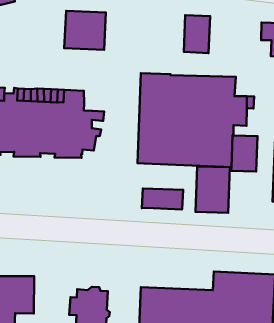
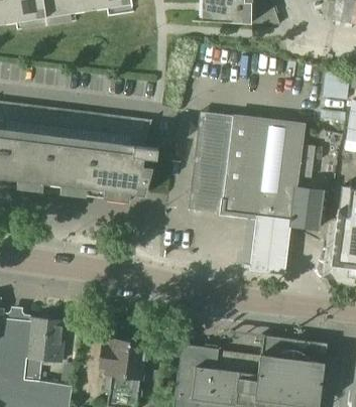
building: [64,11,106,50] -> none
building: [184,15,210,53] -> none
building: [142,188,183,209] -> none

